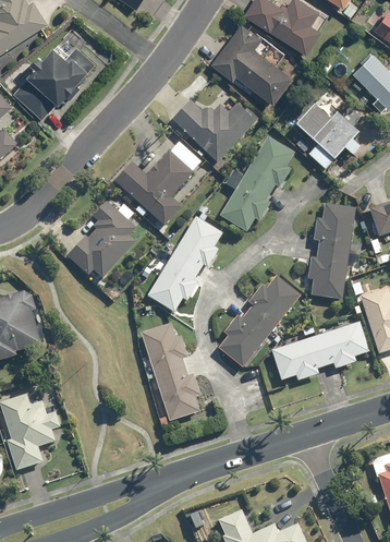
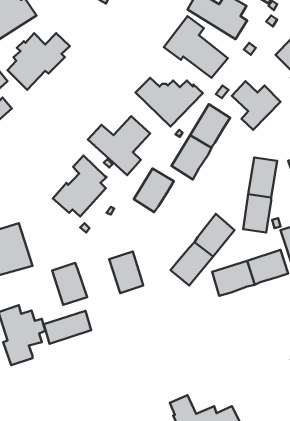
building: [147,257,198,314] -> none
building: [155,368,199,421] -> [52,263,87,305]
building: none -> [44,311,91,344]

